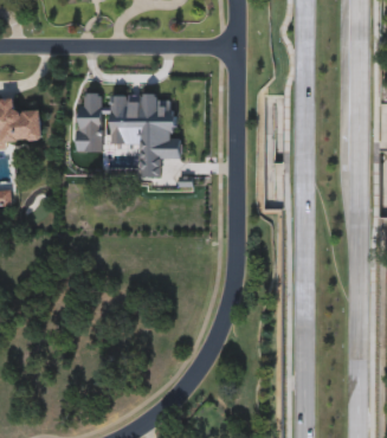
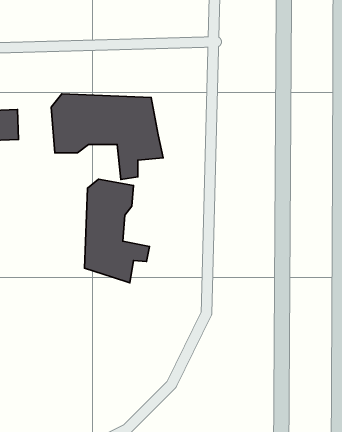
building: none -> [84,179,149,283]

